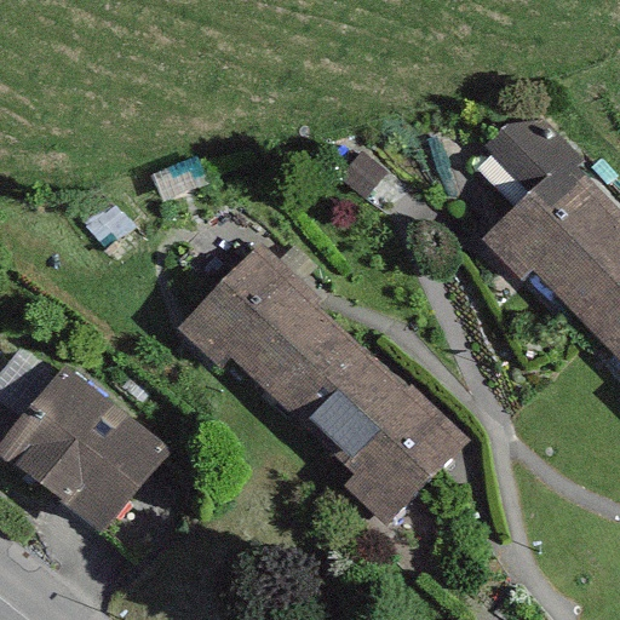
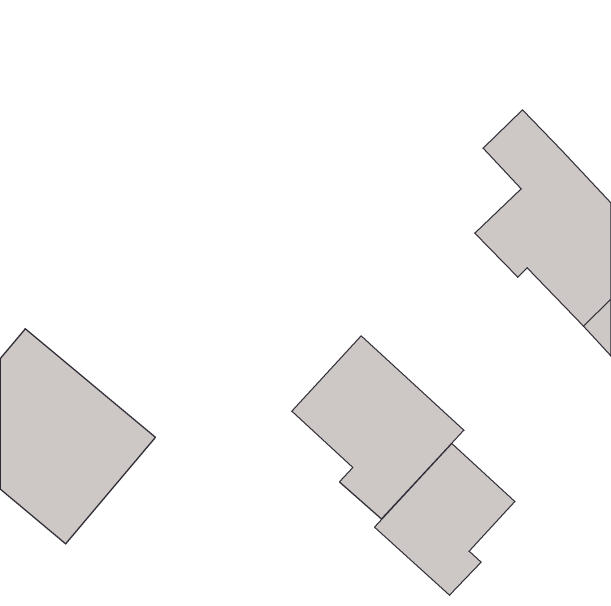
building: [180,245,366,417] -> none
building: none -> [375,443,515,595]

